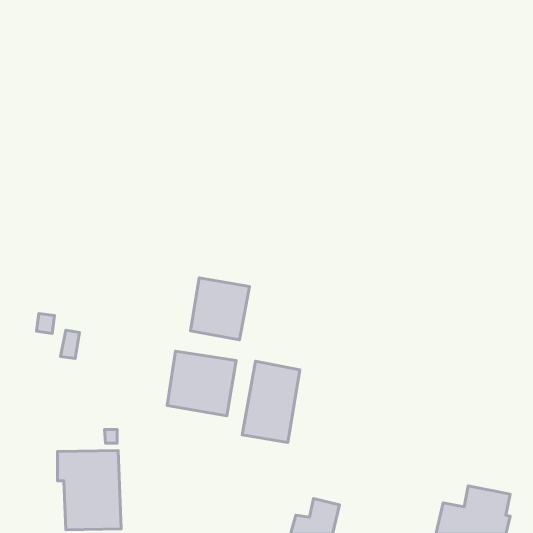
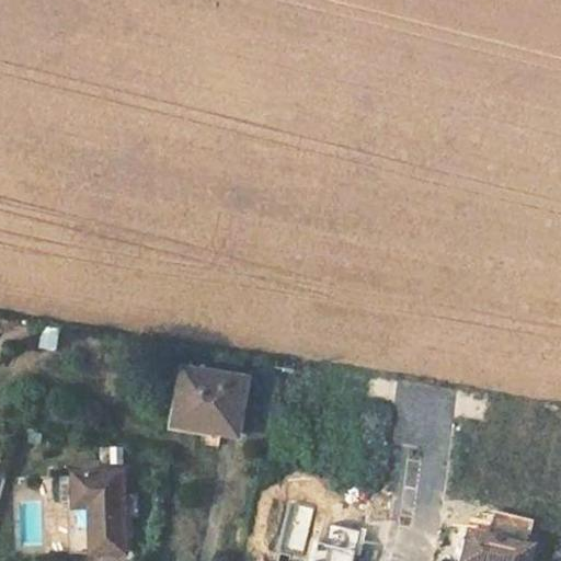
building: [191,278,250,340] -> none
building: [242,361,300,443] -> none

